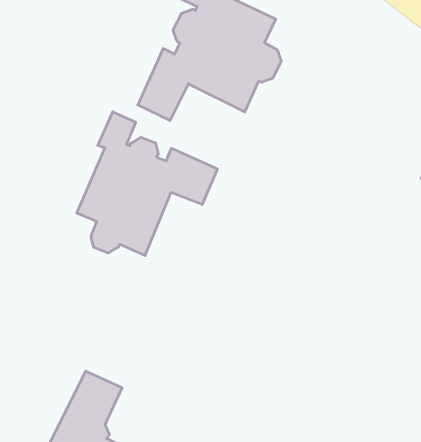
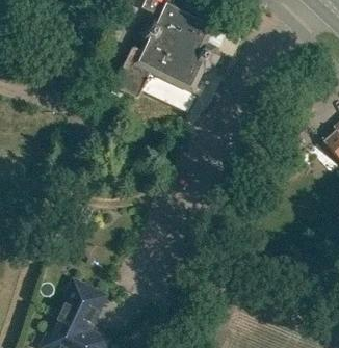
building: [77,112,217,256] -> none

